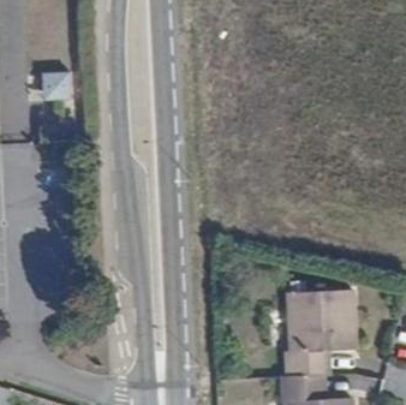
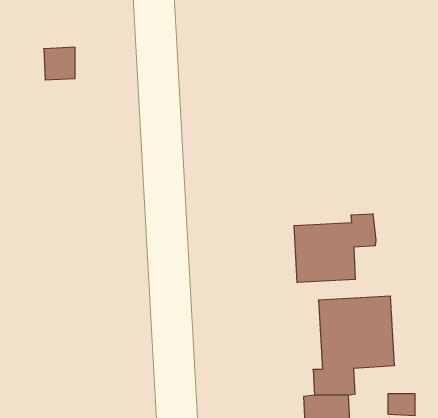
building: none -> [294,214,376,283]

